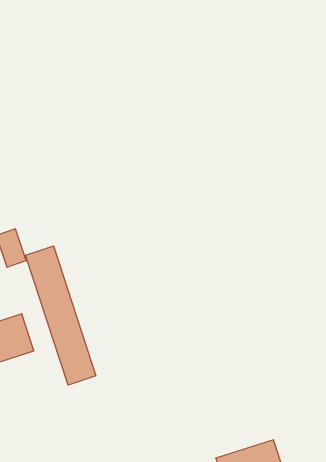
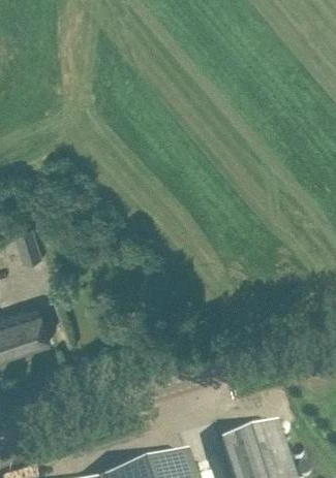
building: [26,246,96,385] -> none

